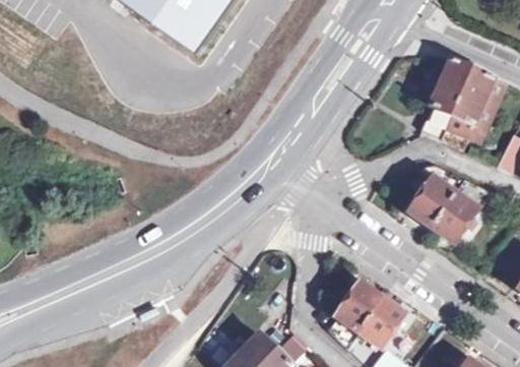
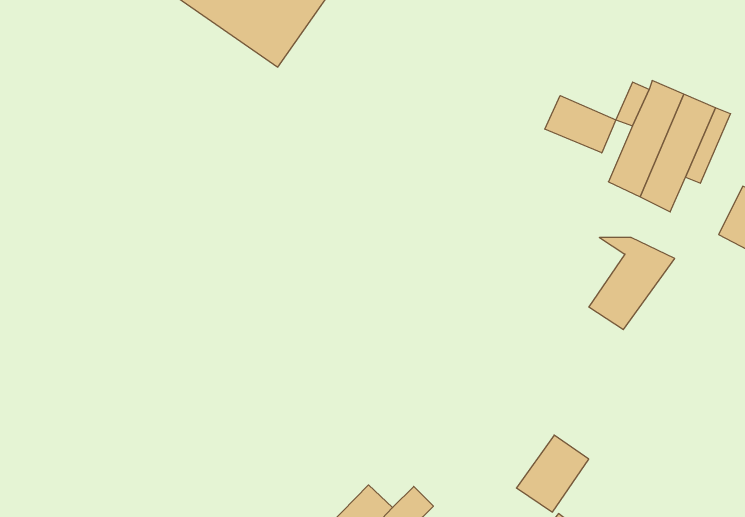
building: none -> [545,96,616,153]
building: [431,178,493,243] -> none
building: [328,281,384,348] -> none

